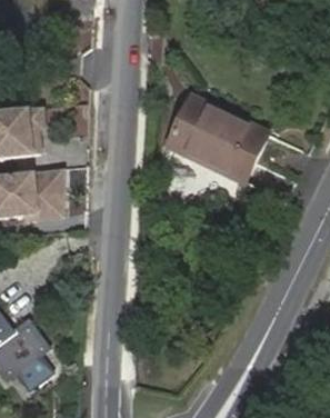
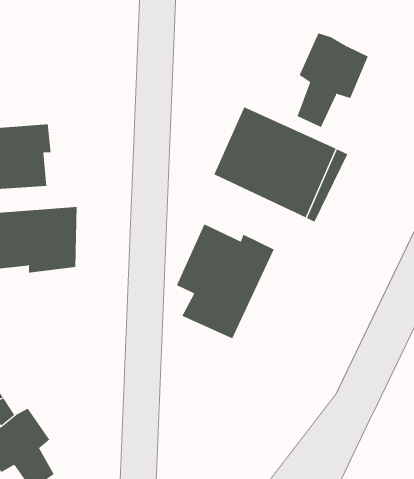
building: none -> [297,33,368,128]
building: none -> [176,223,275,339]

